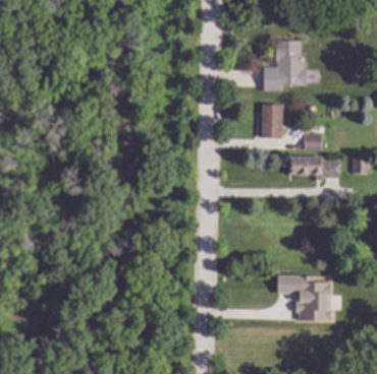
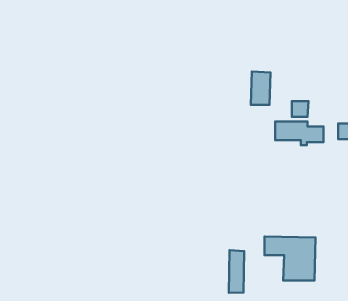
building: [264,40,307,90] -> none
building: none -> [229,250,244,293]

